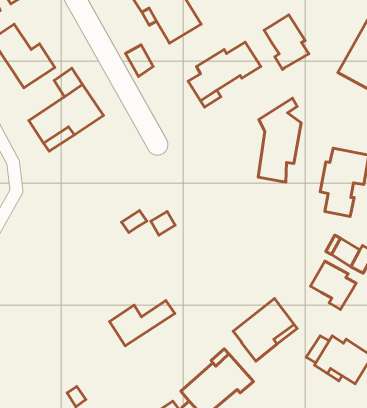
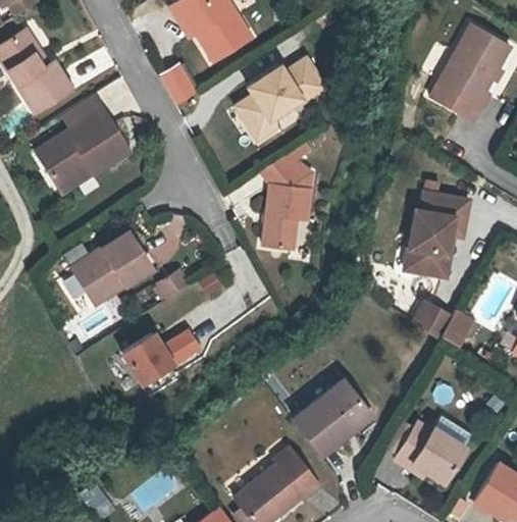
building: [264,15,309,69] -> none
building: [258,98,301,182] -> [262,146,316,251]
building: none -> [80,229,156,303]
building: [310,261,356,309] -> none
building: [110,300,175,346] -> [122,329,204,386]

